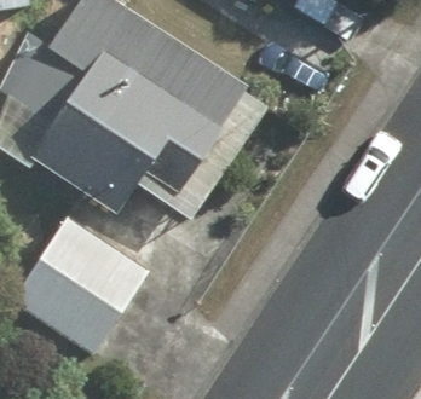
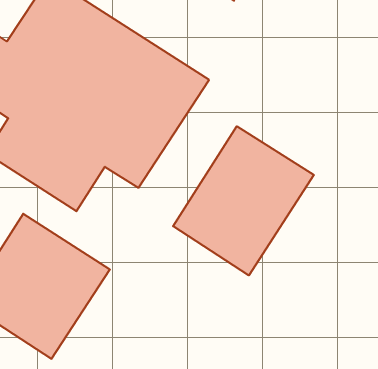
building: none -> [173,126,314,275]

